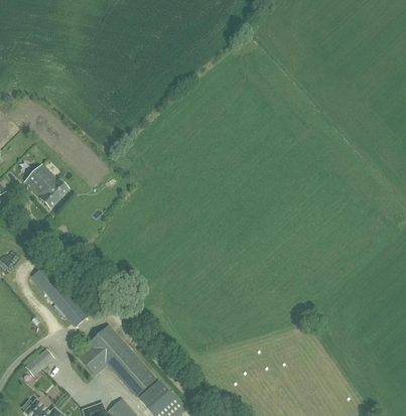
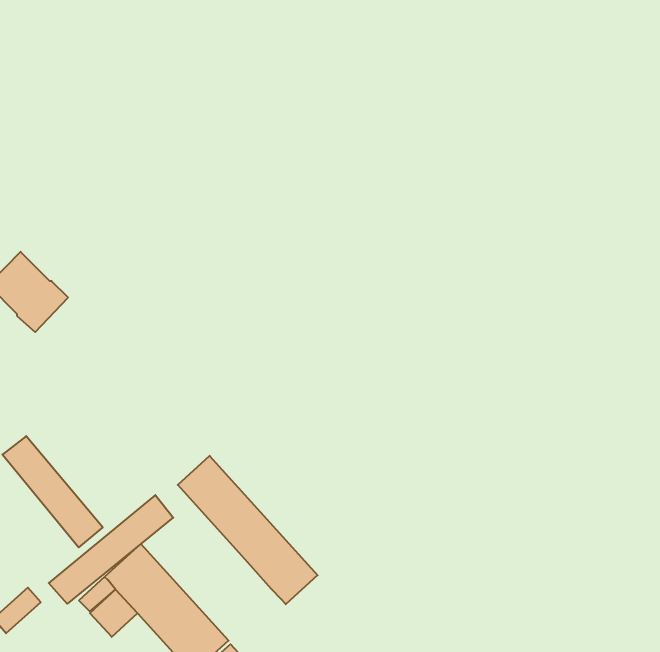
building: none -> [178,456,318,604]
building: none -> [49,495,173,604]

